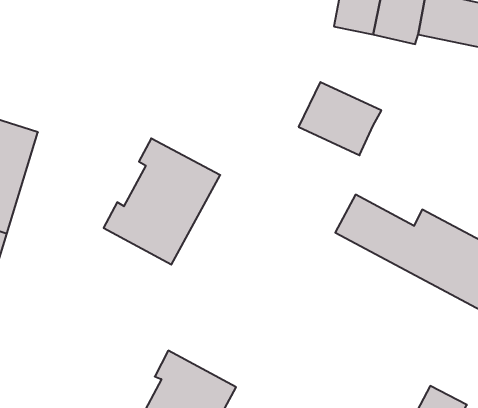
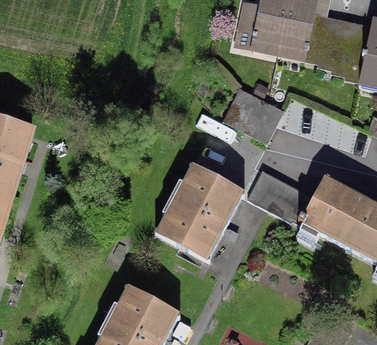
building: [104,138,220,265] -> [157,165,243,258]

